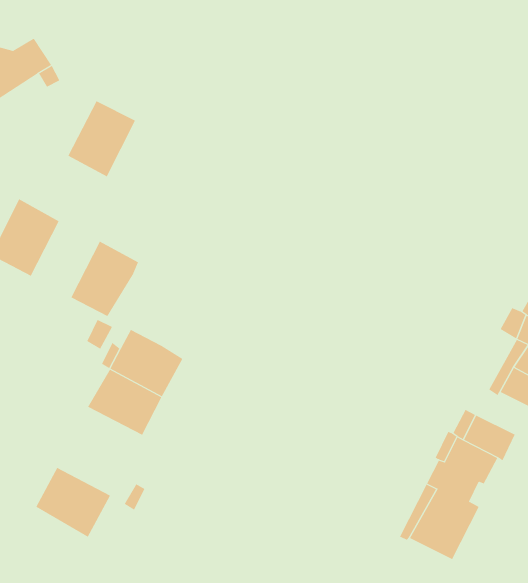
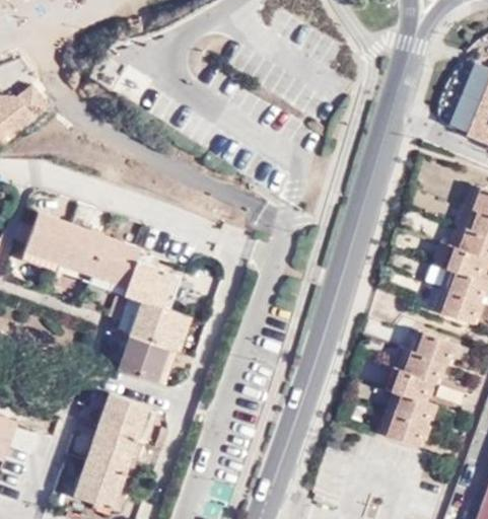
building: [68,101,136,177] -> [59,226,109,285]
building: none -> [124,261,182,312]
building: none -> [100,387,158,436]
building: none -> [75,453,133,504]

